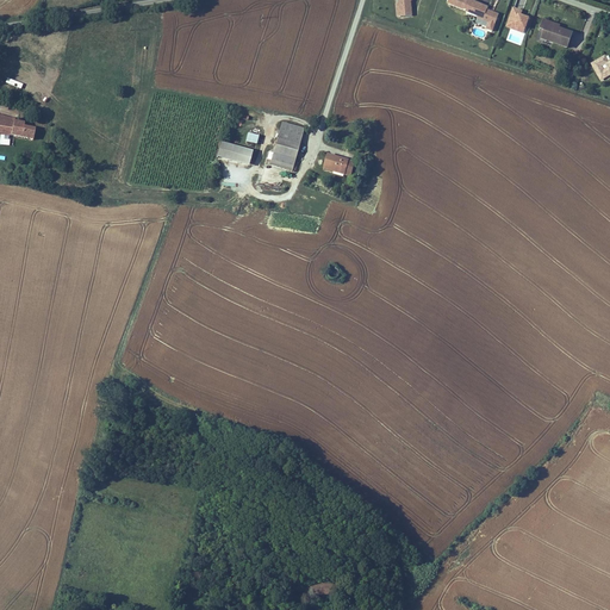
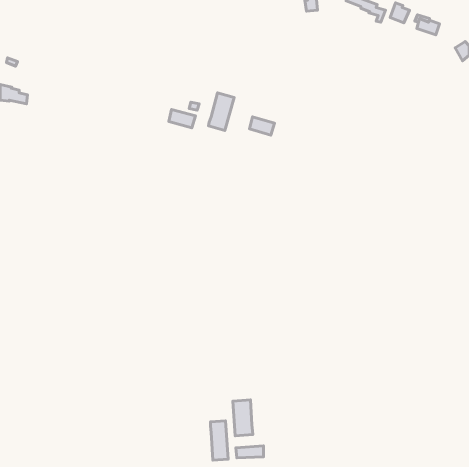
building: none -> [233,400,253,436]
building: none -> [210,421,228,460]

